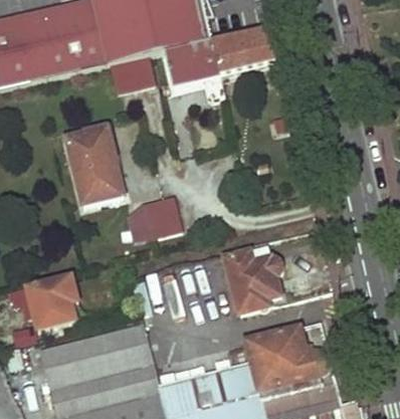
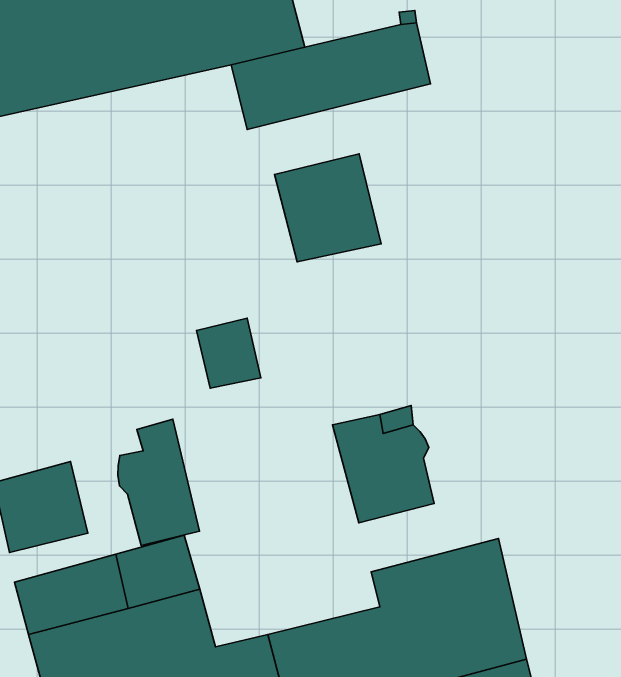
building: none -> [274,154,381,262]
building: [67,130,126,206] -> none
building: none -> [118,419,199,546]

